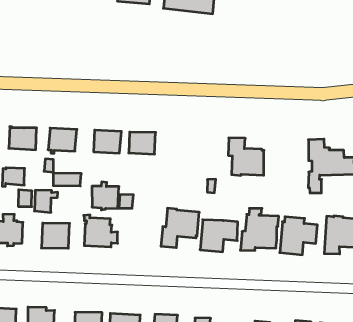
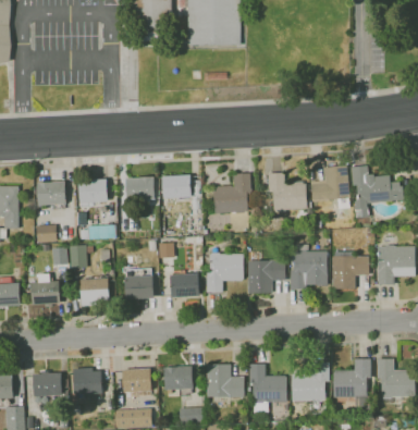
building: none -> [211,173,251,213]
building: none -> [310,164,349,209]
building: [92,182,119,210] -> [169,270,198,299]

